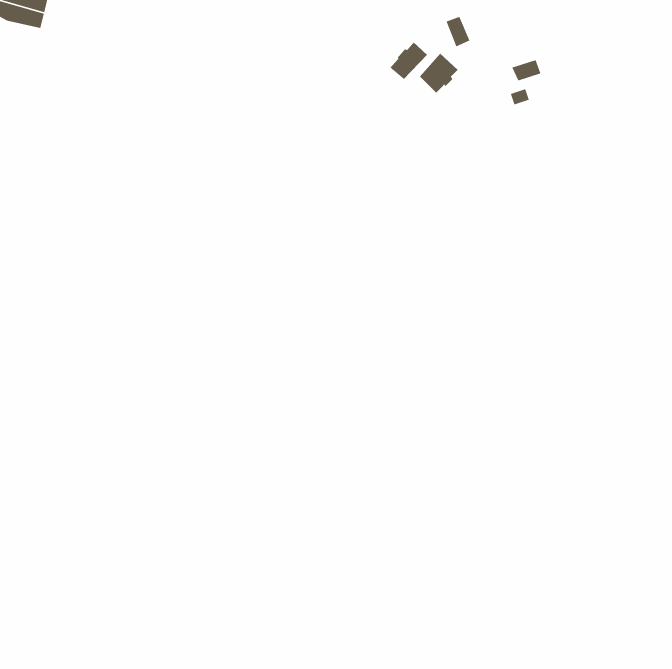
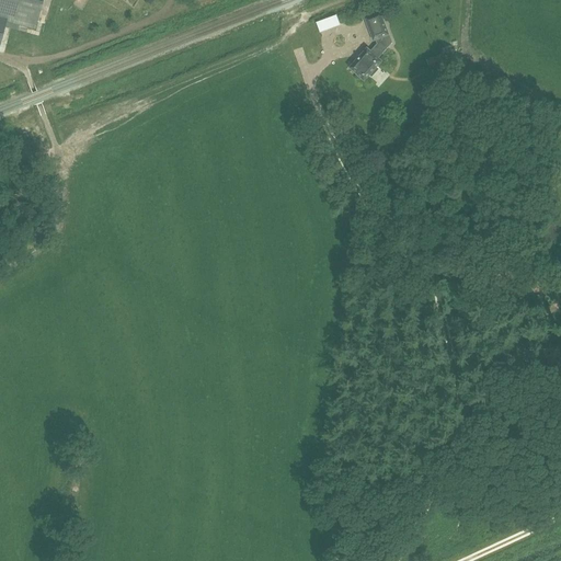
building: [390,42,428,80] -> none

